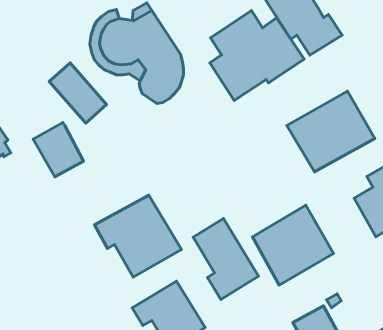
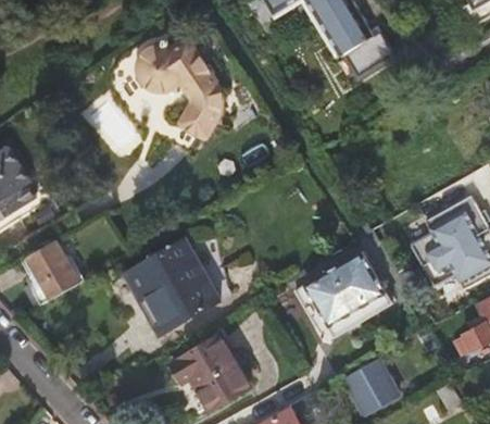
building: [210,11,304,100] -> none
building: [287,91,375,172] -> none
building: [33,123,83,177] -> [27,238,83,298]
building: [193,218,258,300] -> none

